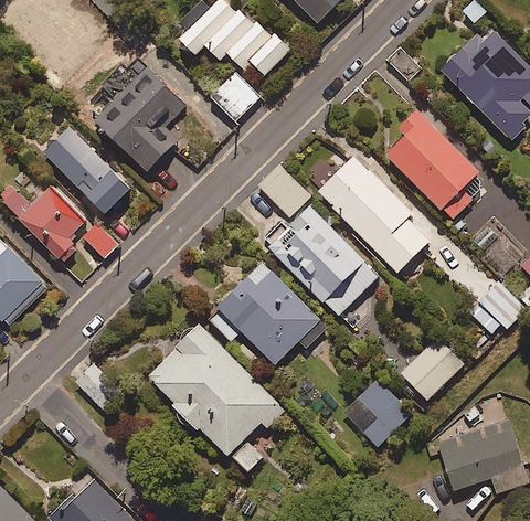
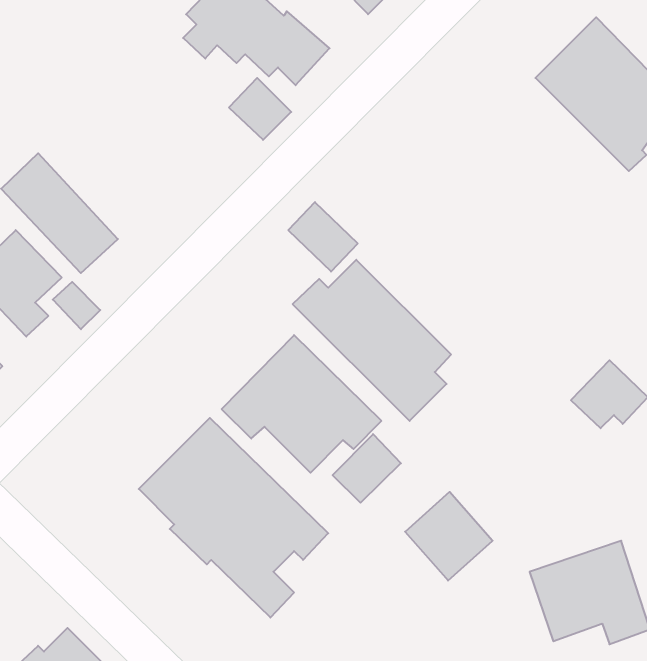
building: [93,51,188,172] -> none
building: [385,111,481,220] -> none
building: [318,157,430,273] -> none
building: none -> [333,434,401,503]
building: [400,338,463,401] -> none

